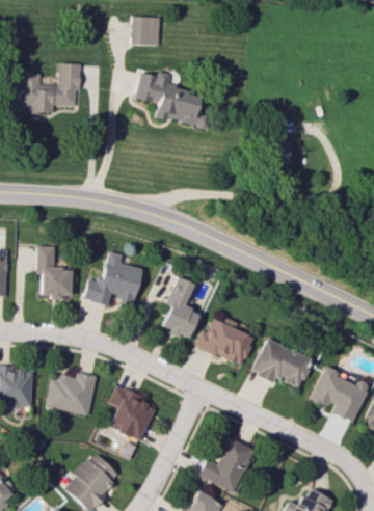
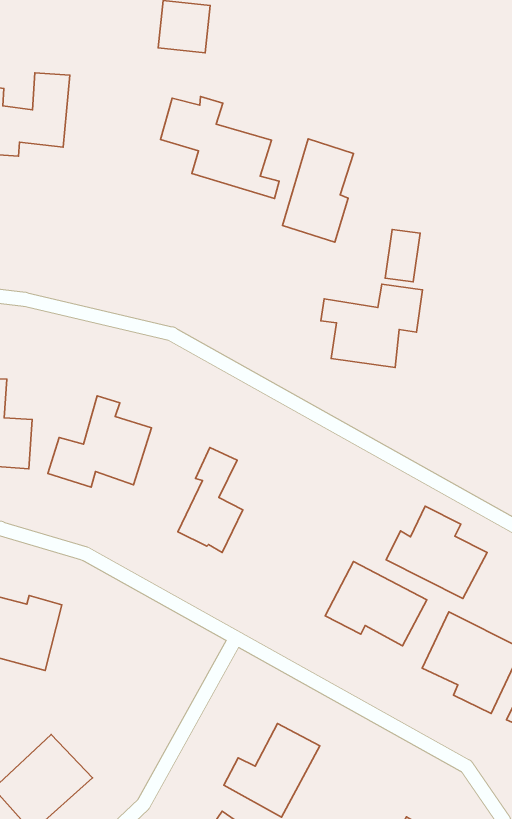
building: none -> [283,139,354,242]
building: none -> [321,284,422,367]
building: [195,313,255,366] -> [386,506,487,598]
building: [109,384,156,441] -> none

